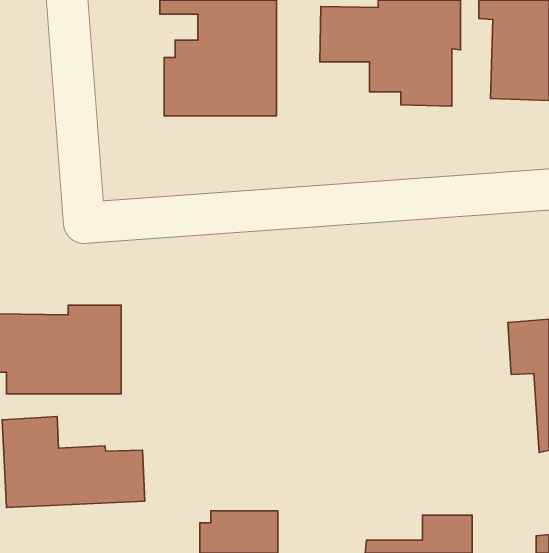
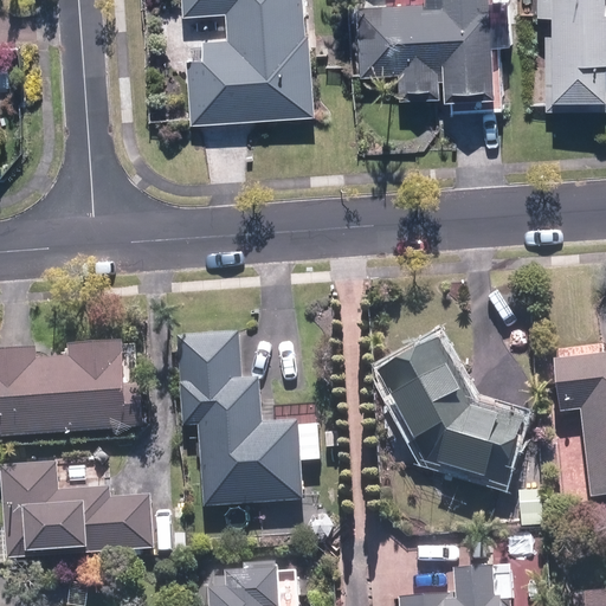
building: none -> [183,330,305,502]
building: none -> [380,336,530,472]

